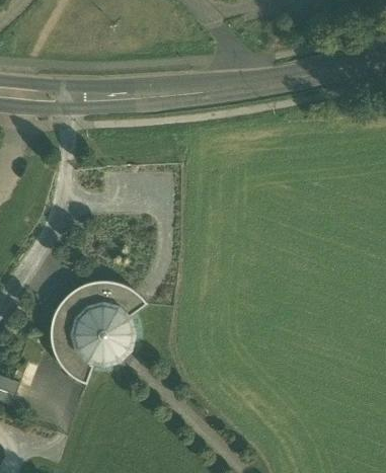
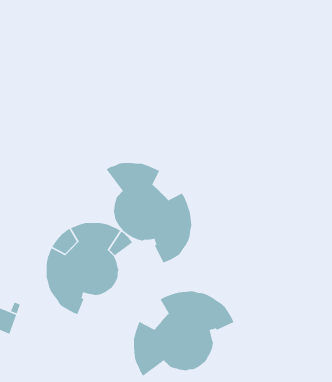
building: none -> [105,162,192,263]
building: none -> [133,291,234,377]

